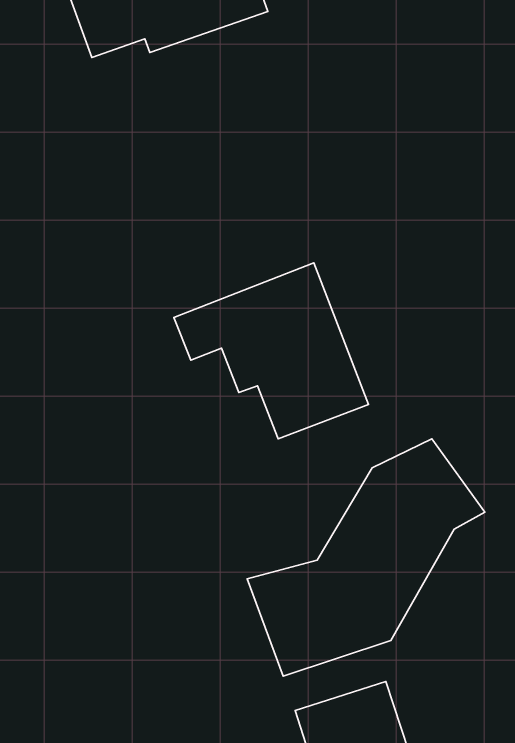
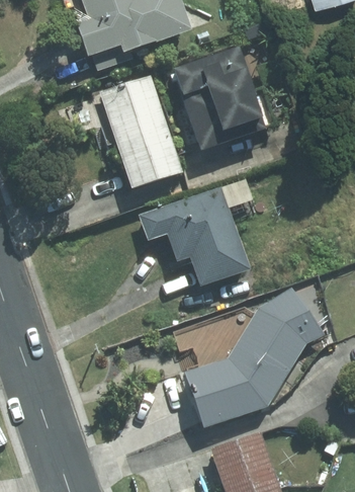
building: none -> [173,49,266,159]
building: none -> [97,74,187,193]

